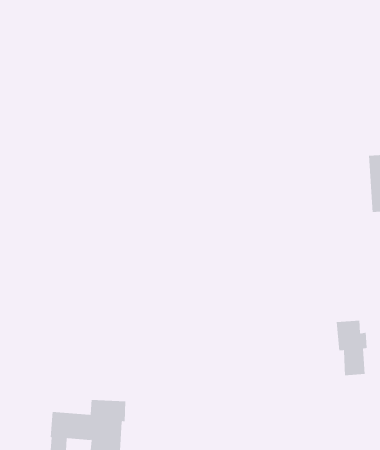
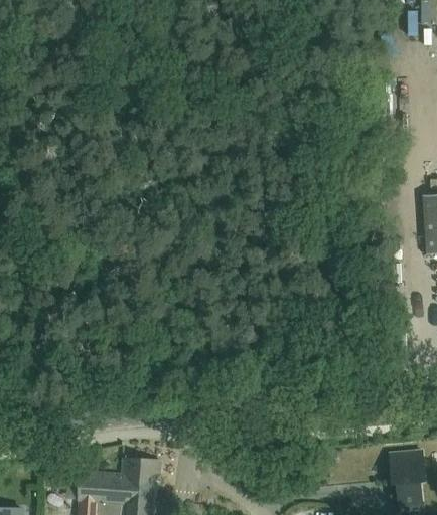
building: [336,320,367,376] -> [395,449,429,509]

